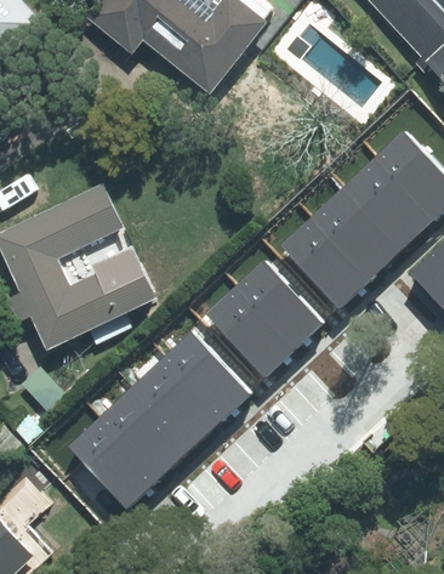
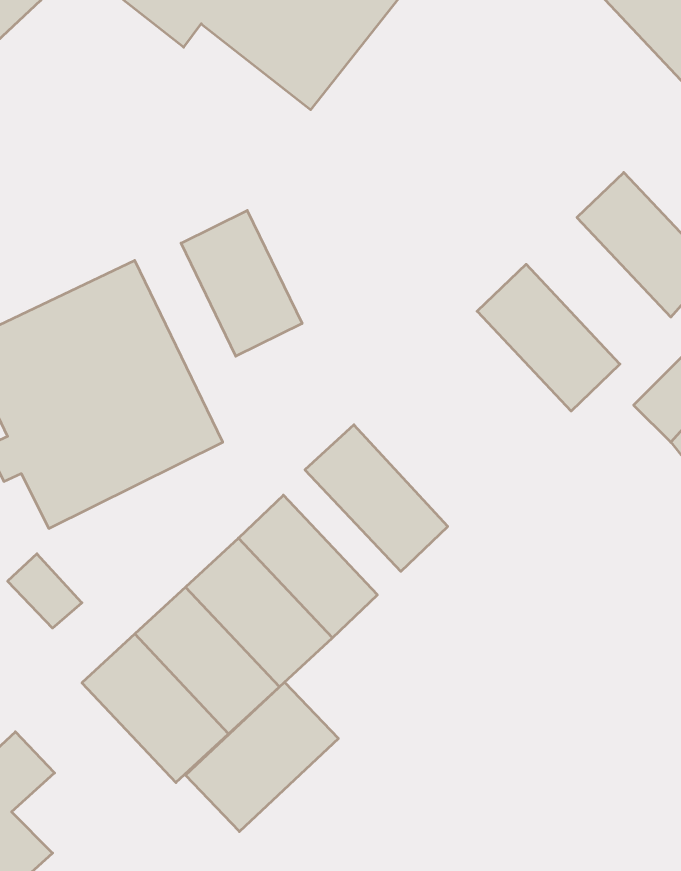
building: none -> [181,210,302,356]
building: [342,158,432,249] -> none
building: [280,216,370,307] -> none
building: [235,260,323,349] -> none
building: none -> [186,682,338,832]

